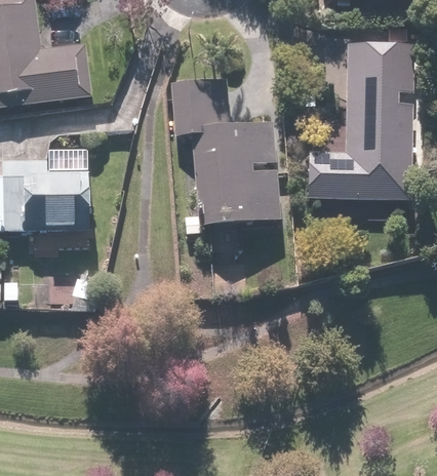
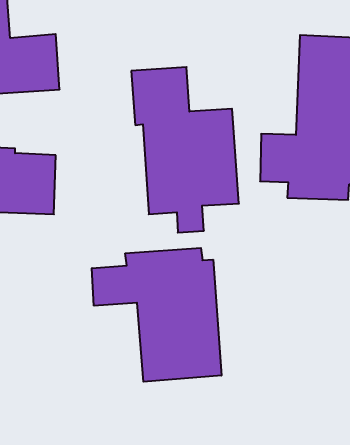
building: none -> [92,248,221,382]

